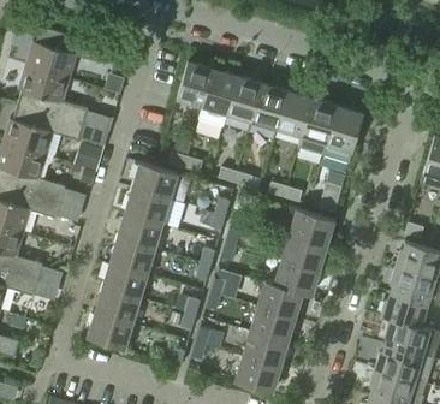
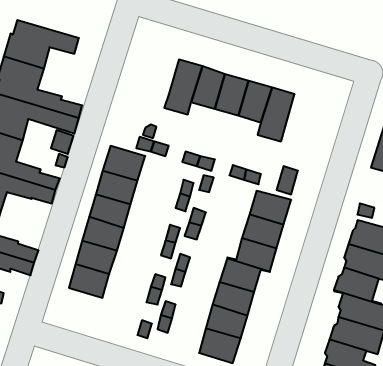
building: [177,61,214,106] -> none
building: [323,106,363,165] -> none
building: [88,313,132,349] -> none

